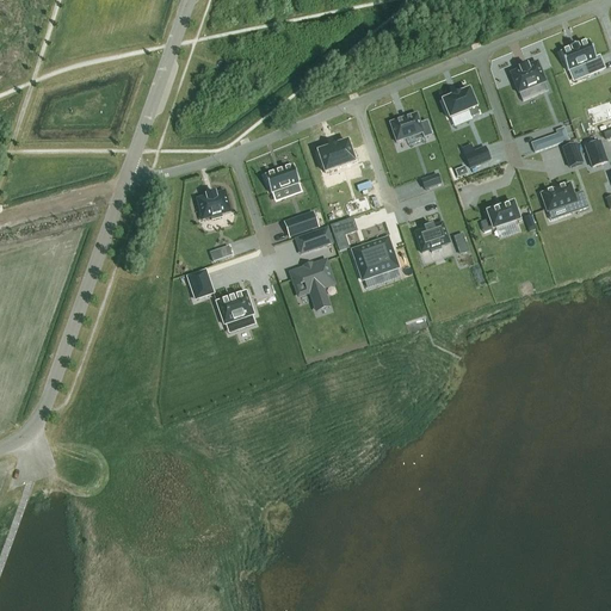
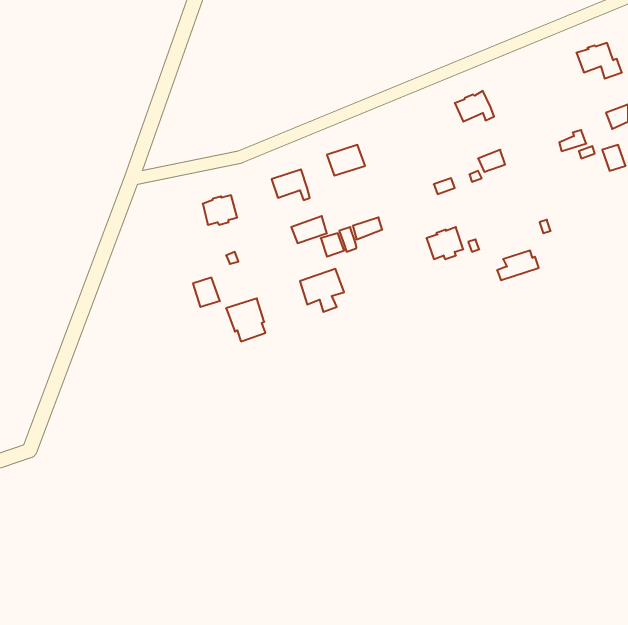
building: [511,61,545,92] -> none
building: [390,113,432,142] -> none
building: [541,183,587,212] -> none
building: [481,202,521,230] -> [497,251,539,280]
building: [352,237,399,279] -> none

